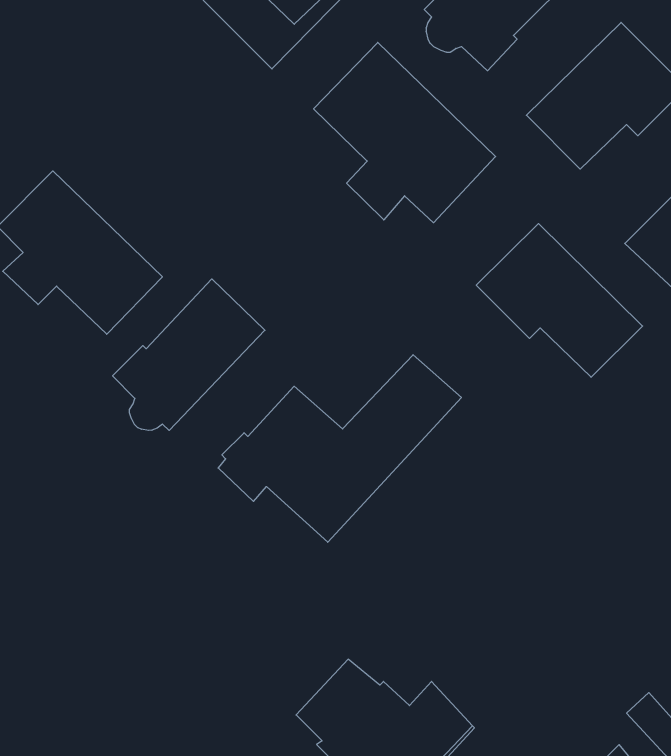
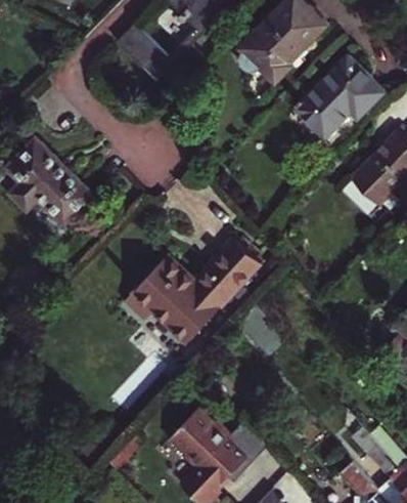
building: [314,42,496,223] -> none
building: [476,224,643,377] -> none
building: [113,279,265,430] -> none

